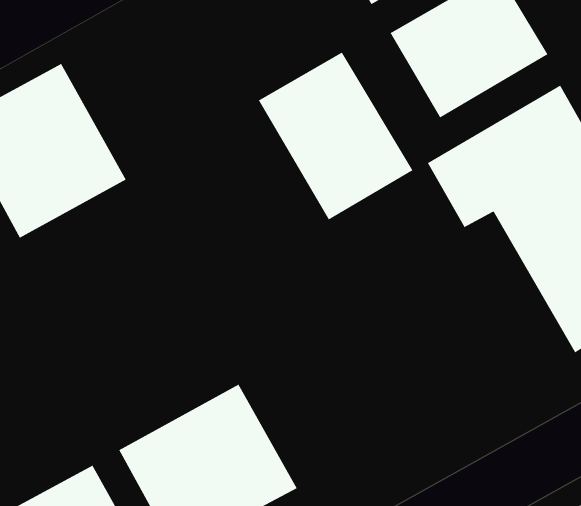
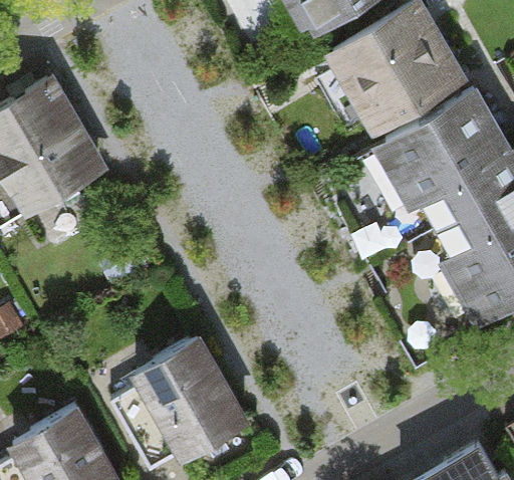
building: [258,52,414,220] -> none

